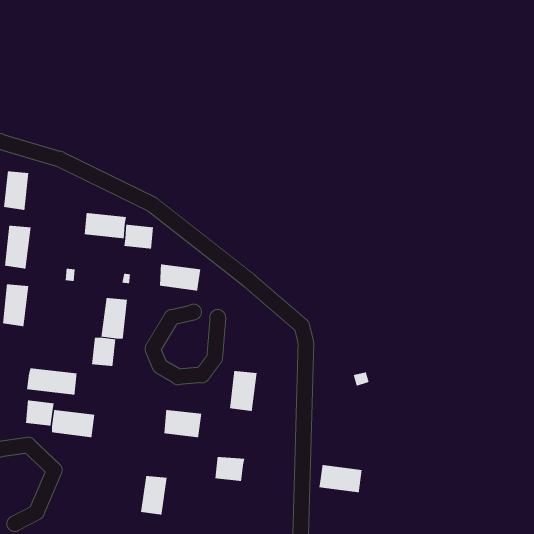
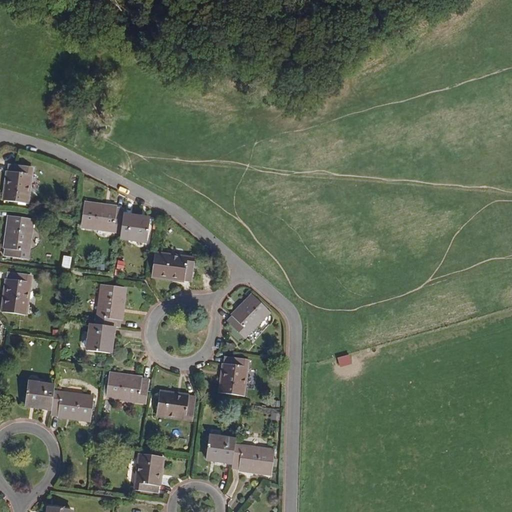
building: none -> [228,294,268,335]
building: [27,367,77,396] -> none
building: none -> [106,374,147,400]
building: [319,464,363,493] -> [231,445,273,472]

